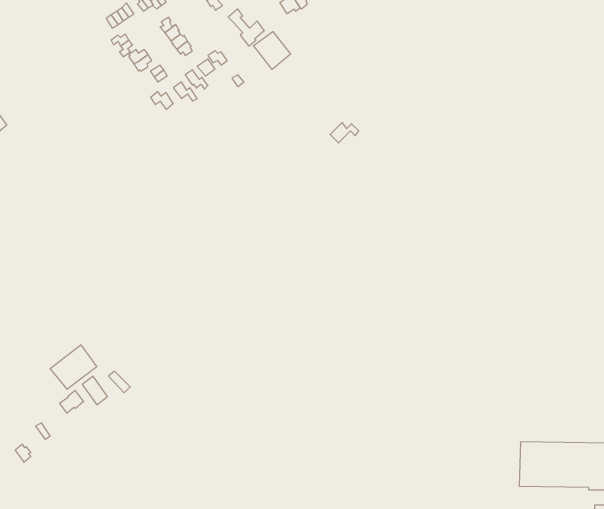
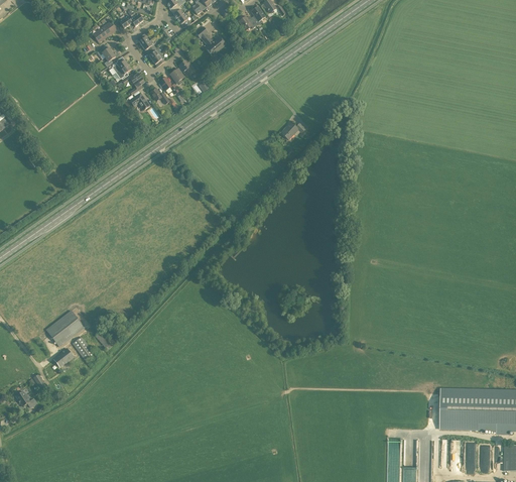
building: [254,32,291,69] -> none

